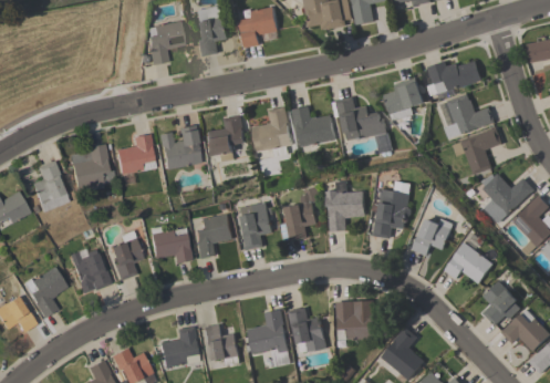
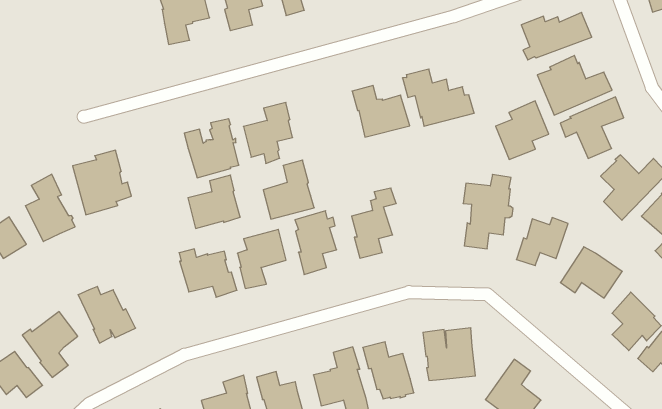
building: [383,76,424,121] -> [496,101,549,159]
building: [252,106,291,151] -> [263,160,314,219]
building: [116,134,156,174] -> [188,175,240,228]
building: [326,190,365,231] -> none
building: [110,231,143,280] -> none

